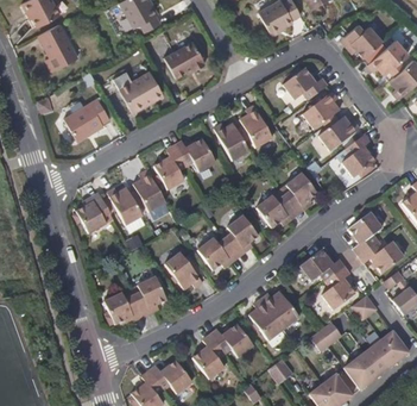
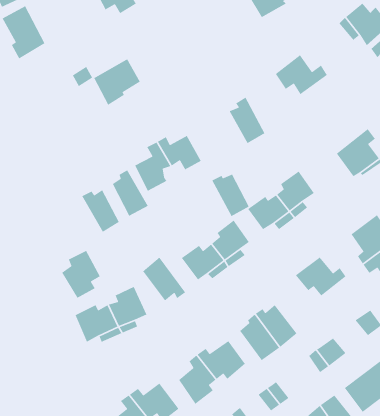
building: [165,38,209,76] -> none
building: [301,90,339,130] -> none
building: [63,100,109,140] -> none
building: [318,115,364,154] -> none
building: [215,121,249,161] -> [211,174,250,217]
building: [78,193,114,237] -> [61,250,101,299]
building: [323,267,358,312] -> none

